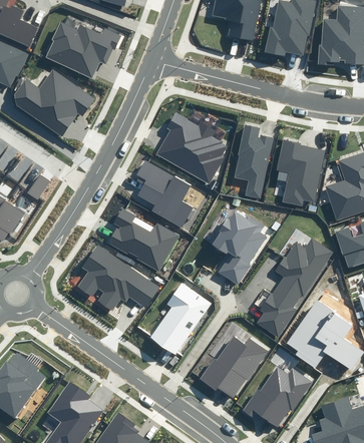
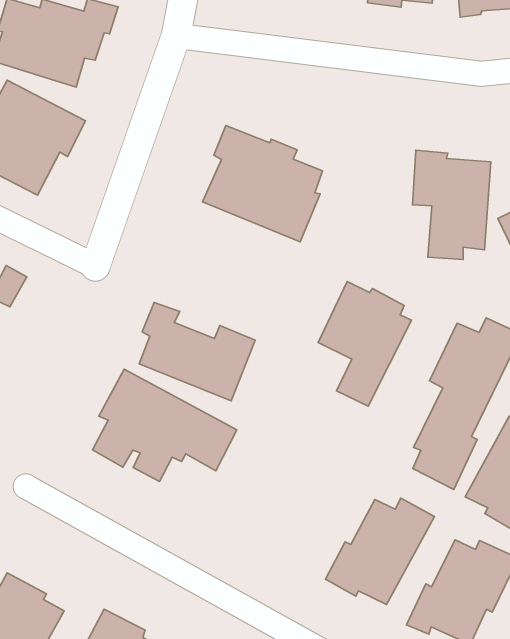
building: [233,124,273,198] -> none
building: [135,160,193,228] -> none
building: [150,284,210,354] -> none

